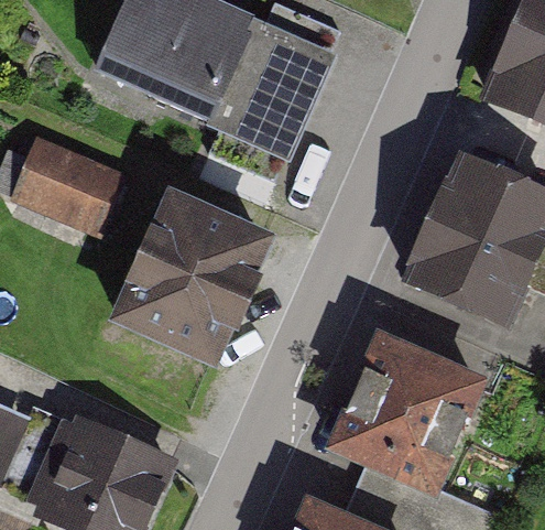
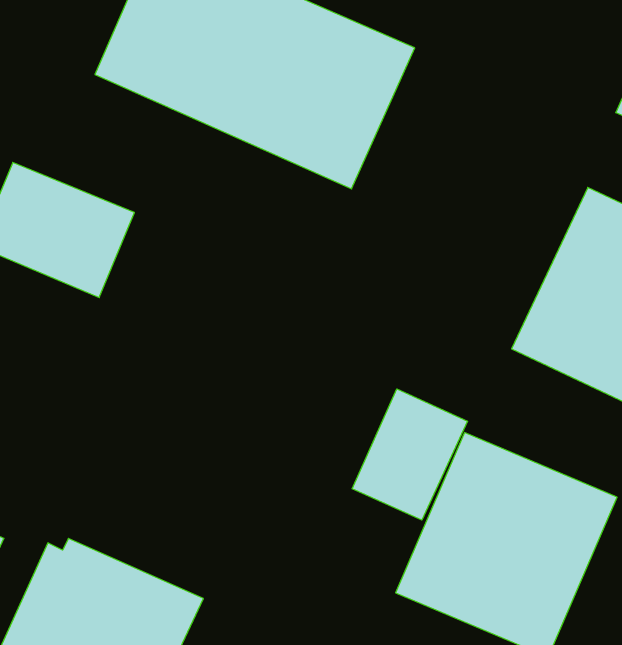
building: [106,193,274,374] -> none
building: none -> [352,389,468,520]

